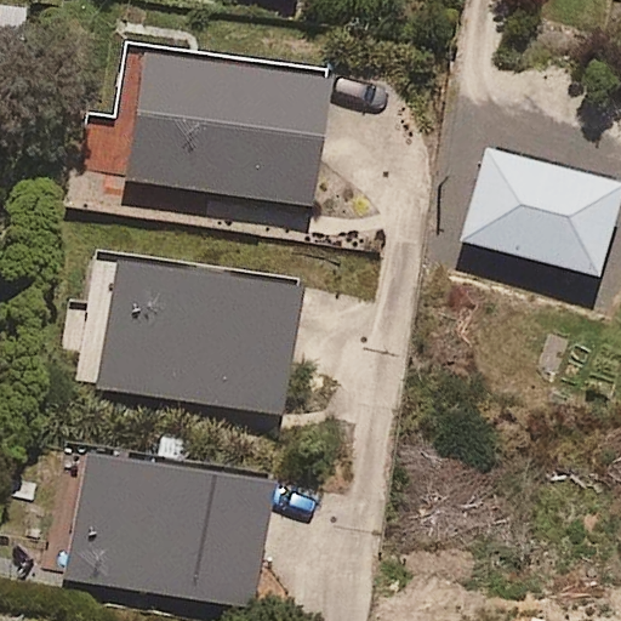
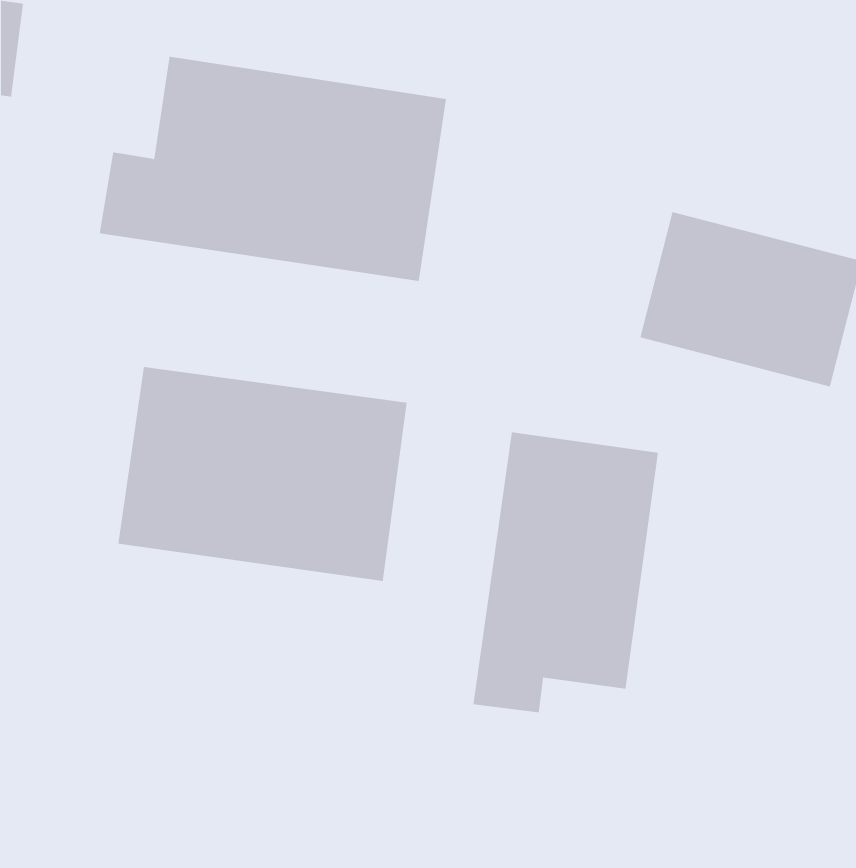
building: none -> [473,432,659,713]
building: [65,455,269,608] -> none

